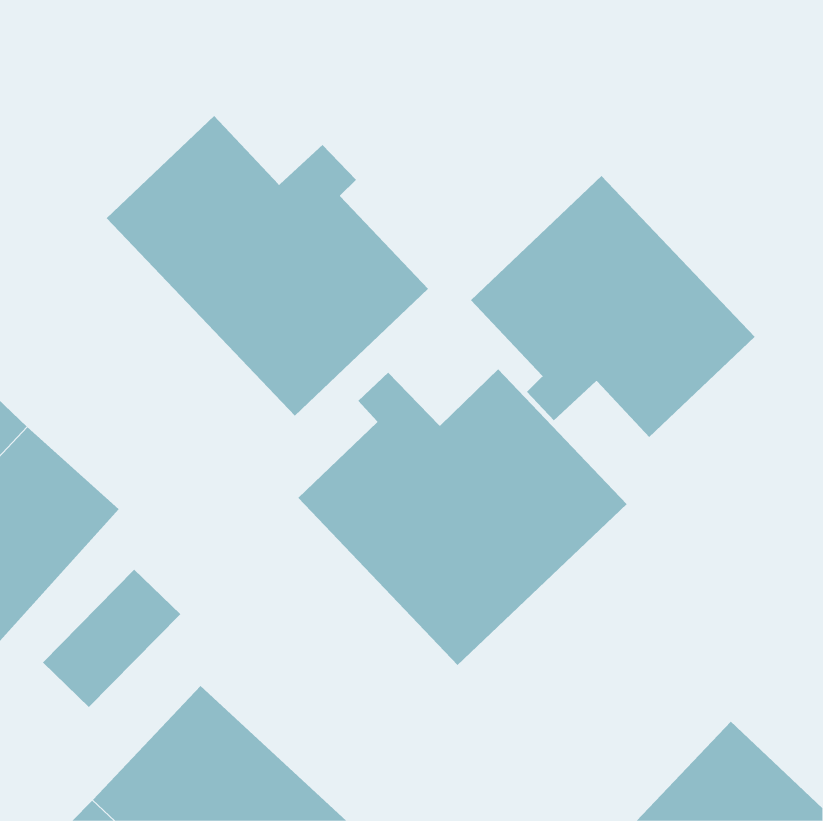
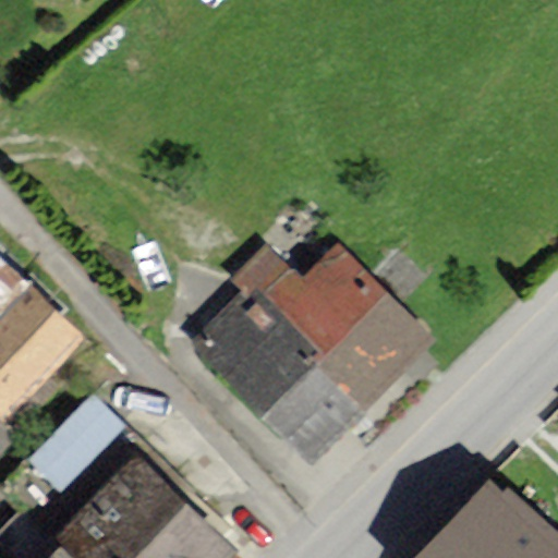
building: [106,115,429,417] -> none
building: [470,175,755,438] -> none

